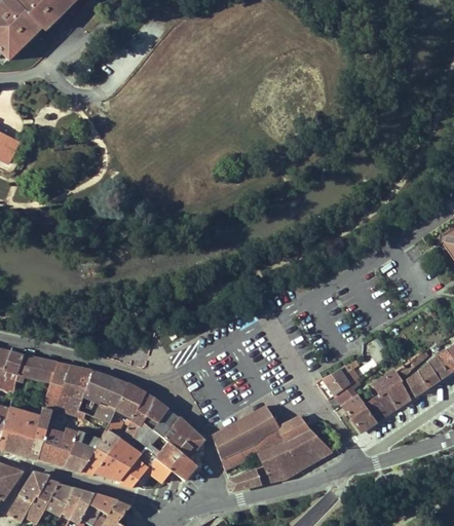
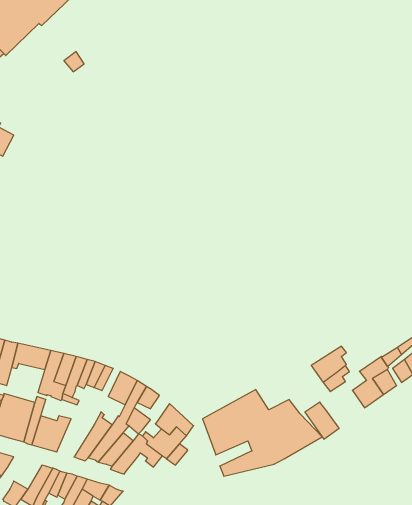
building: [92,380,127,422] -> none
building: [342,393,377,431] -> [305,402,339,439]
building: [142,408,178,437] -> none
building: [63,429,101,471] -> none
building: [18,473,49,503] -> none

